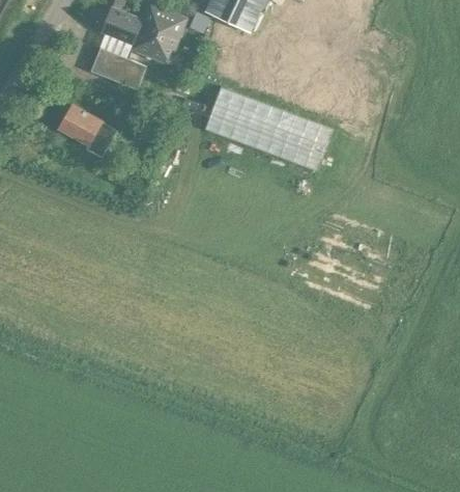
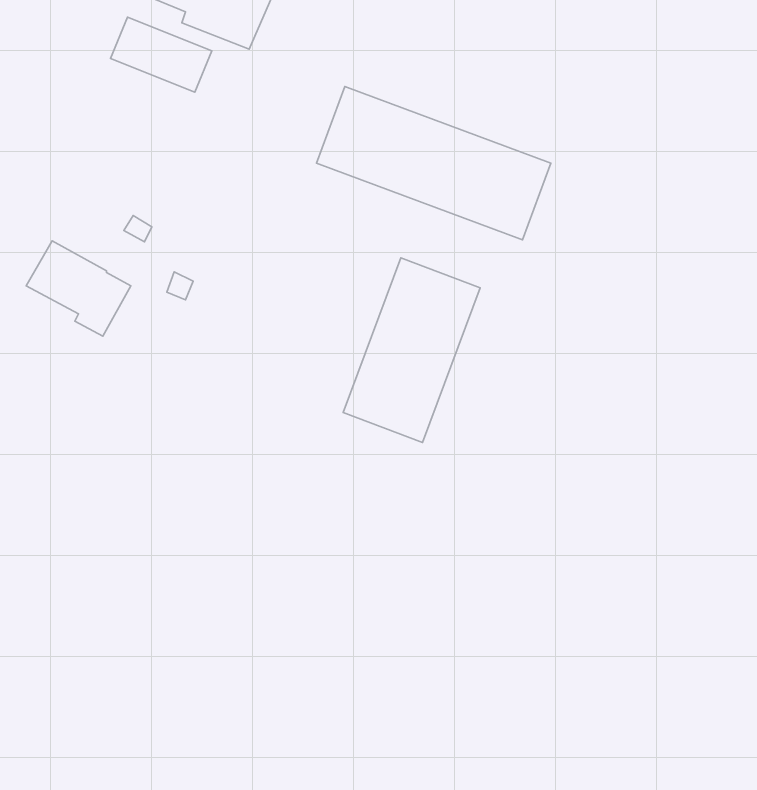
building: [58,104,116,157] -> [26,241,131,336]
building: none -> [343,258,480,442]

